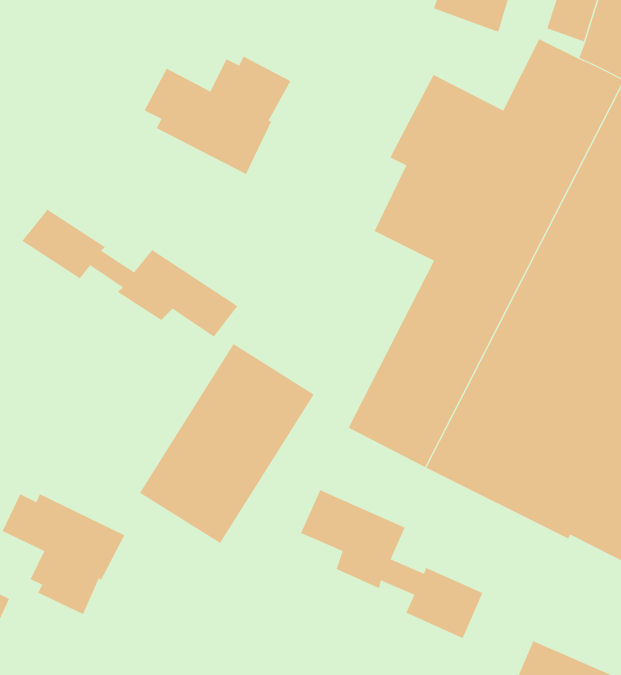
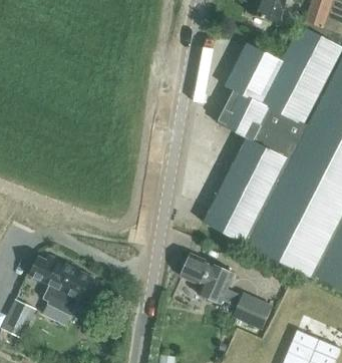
building: [144,56,291,175] -> none
building: [22,209,238,337] -> none
building: [139,343,315,544] -> none

